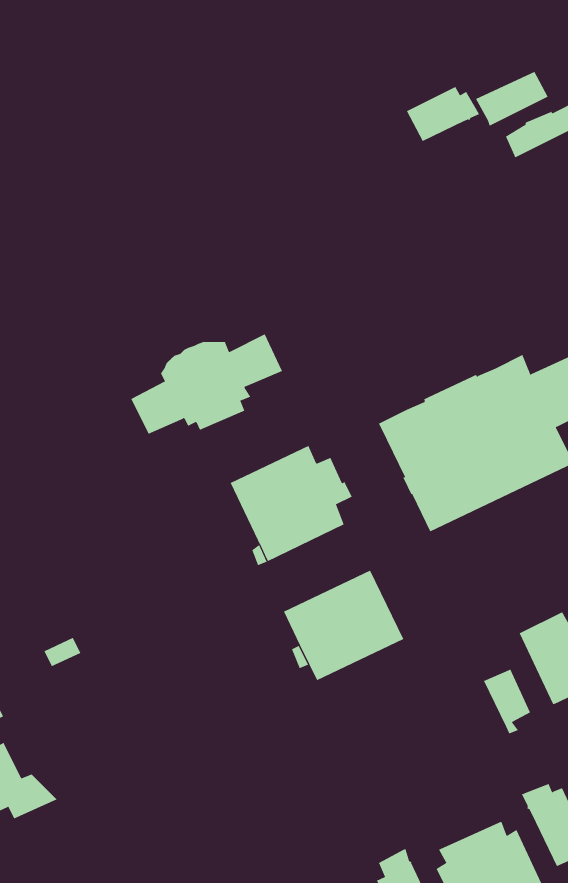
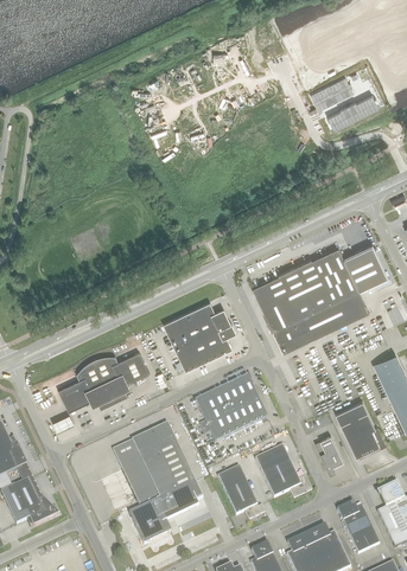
building: [406,86,480,142] -> none
building: [130,334,283,435] -> [58,351,150,411]
building: none -> [113,423,203,544]
building: none -> [255,445,312,498]
building: none -> [217,466,265,519]

